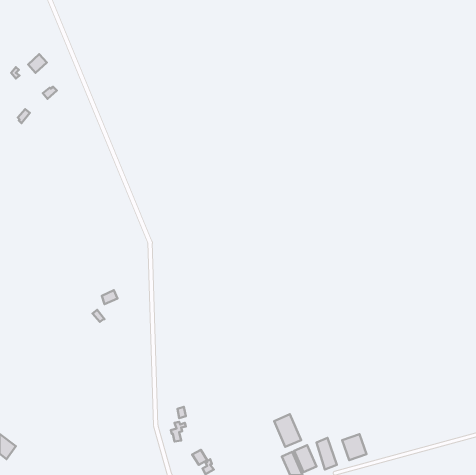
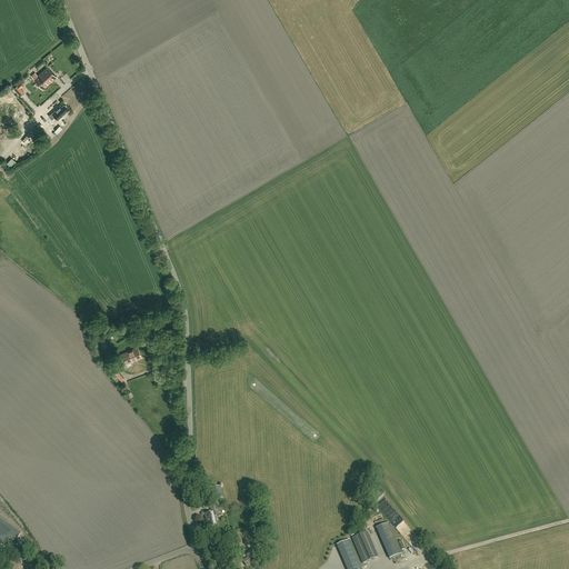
building: [274,414,301,447] -> none
building: [342,434,366,460] -> none

